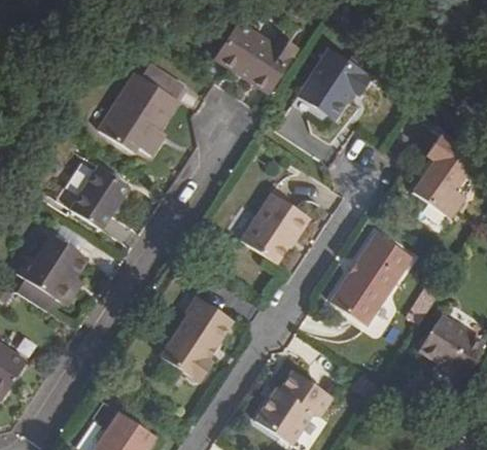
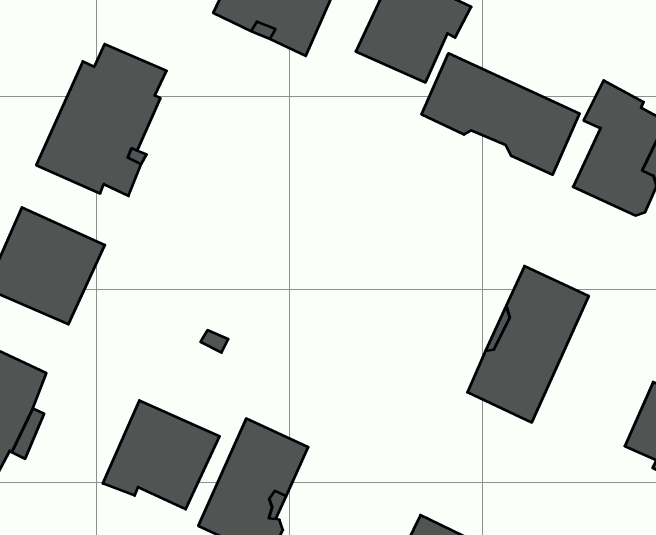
building: none -> [422,53,580,175]
building: [241,193,310,264] -> none
building: none -> [103,400,220,509]

